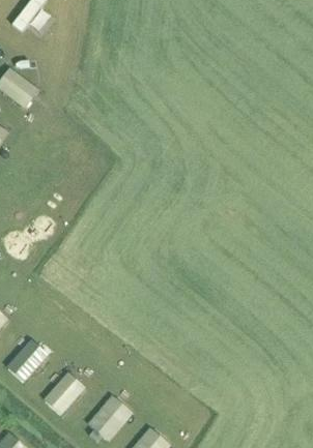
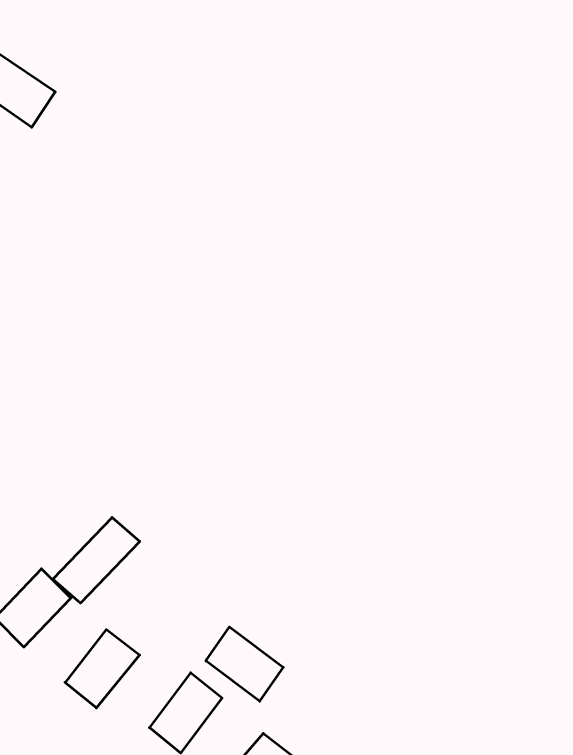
building: none -> [53,517,140,603]
building: none -> [206,627,283,701]

